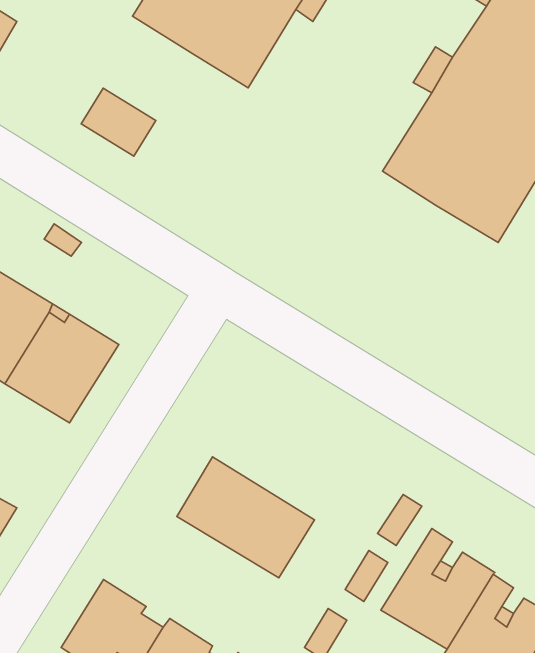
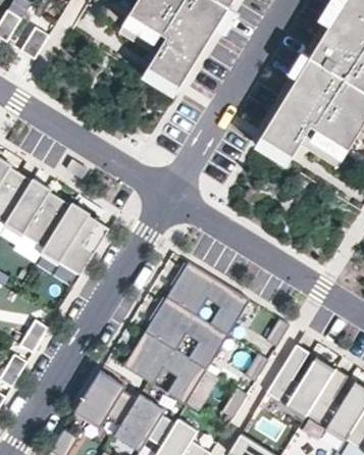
building: [81,88,156,156] -> [141,56,186,97]
building: none -> [253,125,298,166]
building: none -> [164,263,247,335]
building: none -> [121,333,204,404]

